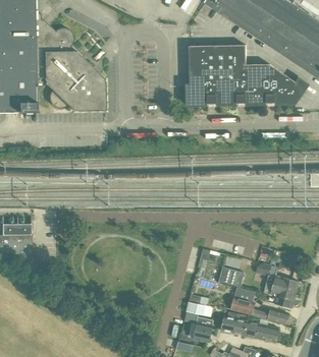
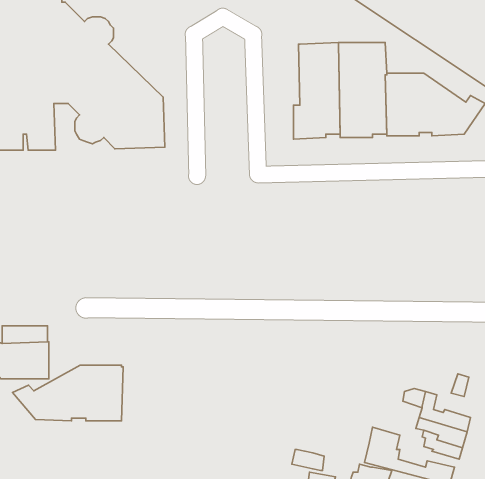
building: none -> [12,365,123,421]
building: [218,265,245,288] -> none

